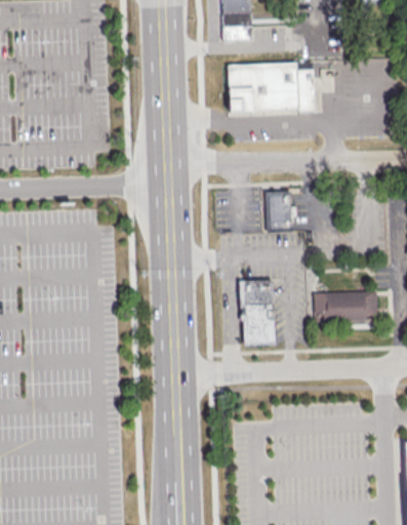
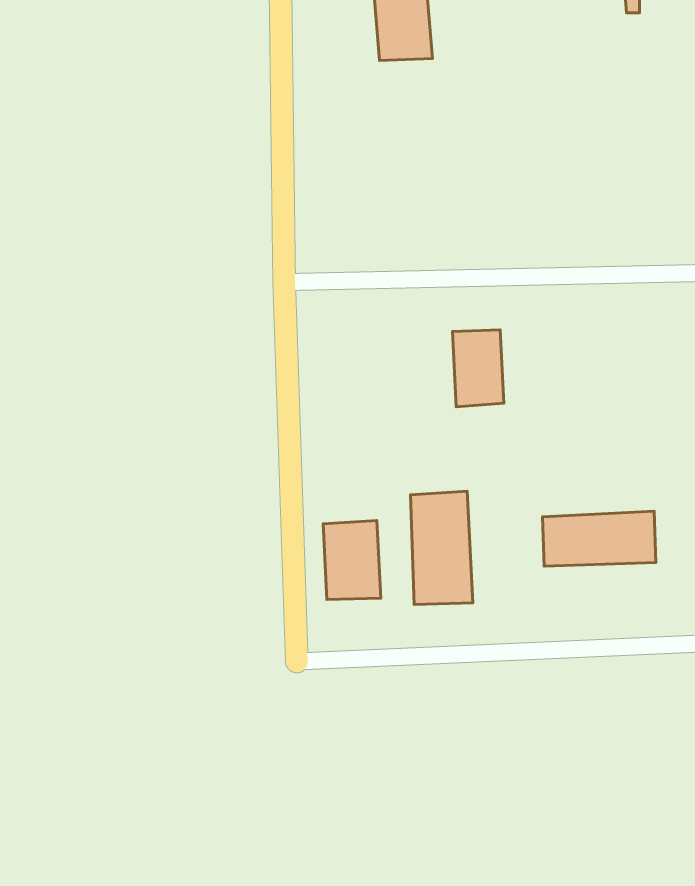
building: [227,62,313,110] -> none
building: none -> [323,521,381,600]

